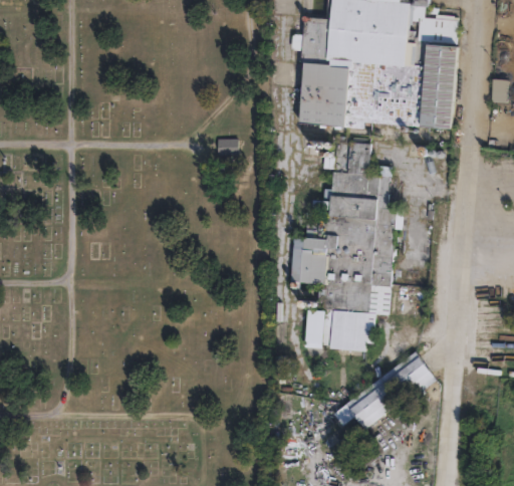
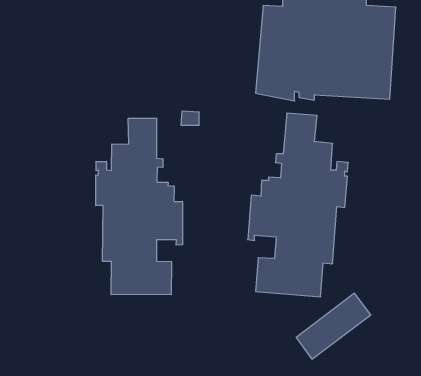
building: none -> [96,118,183,295]

